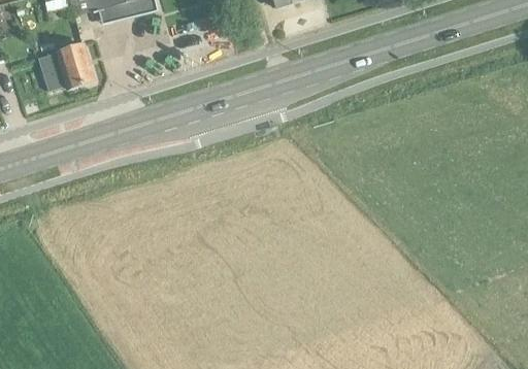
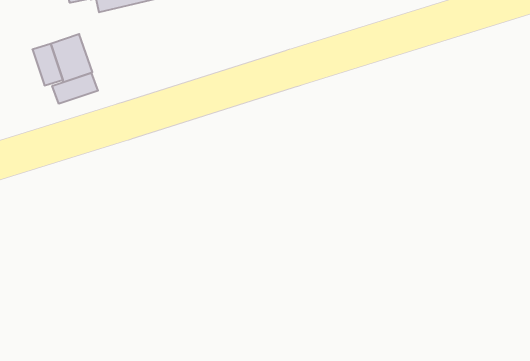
building: none -> [52,73,98,104]

